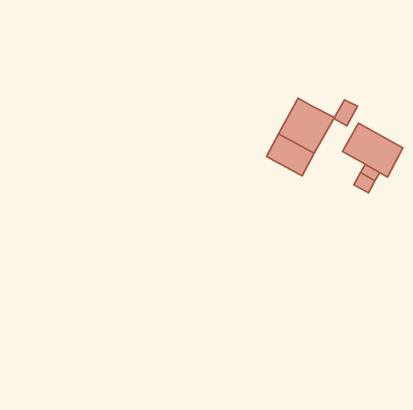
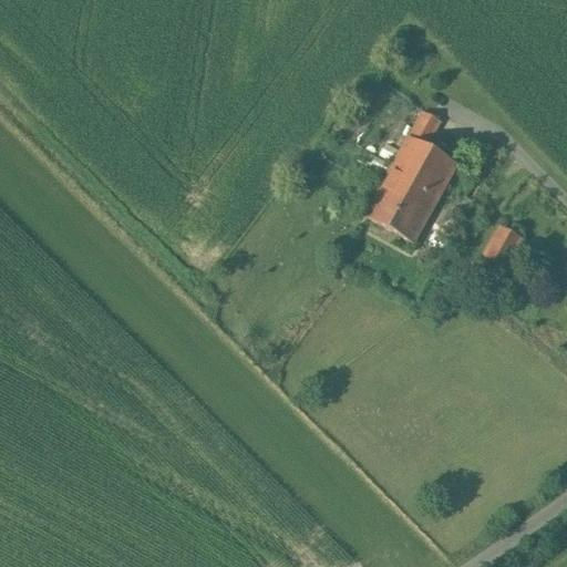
building: [334,100,357,126] -> [409,109,441,144]
building: [342,123,403,177] -> none

